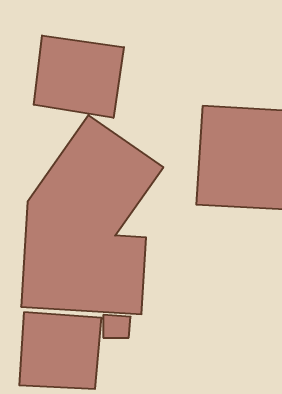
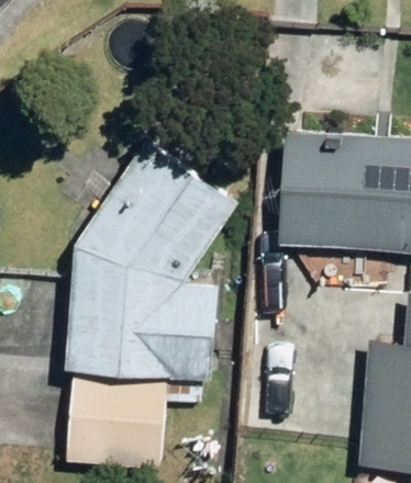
building: [34,35,124,118] -> none

